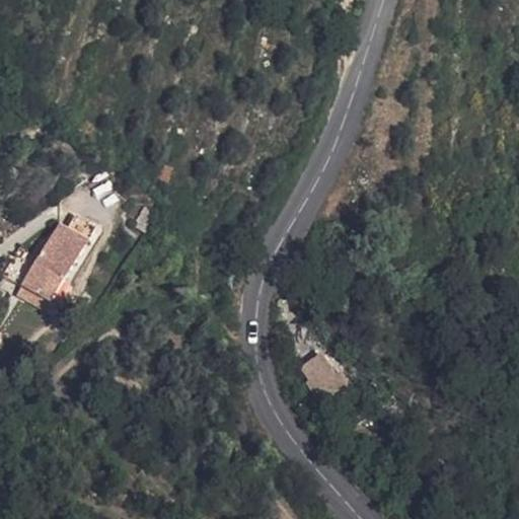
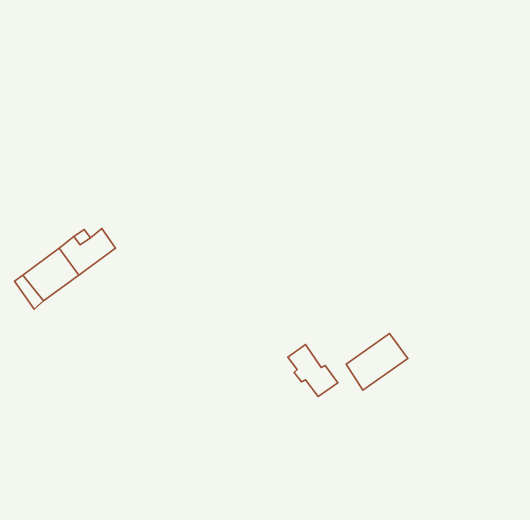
building: none -> [346,333,408,390]

